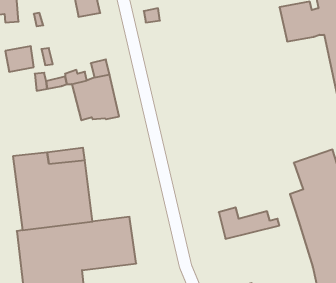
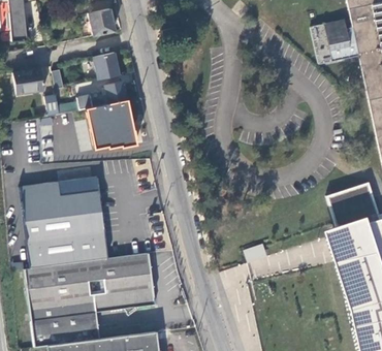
building: none -> [94,54,120,81]

